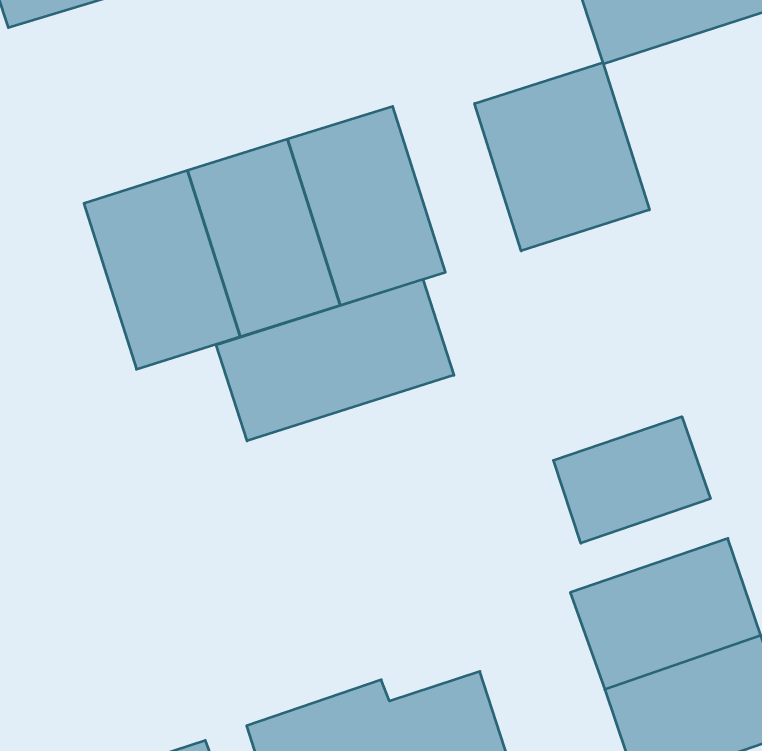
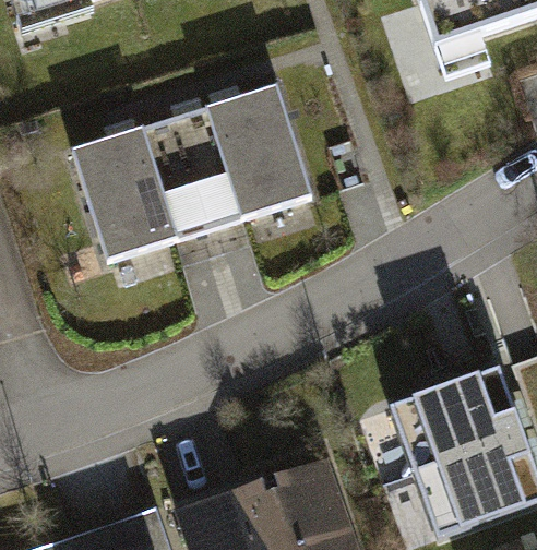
building: [475,62,649,251] -> none
building: [216,279,454,441] -> none
building: [553,417,710,543] -> none

